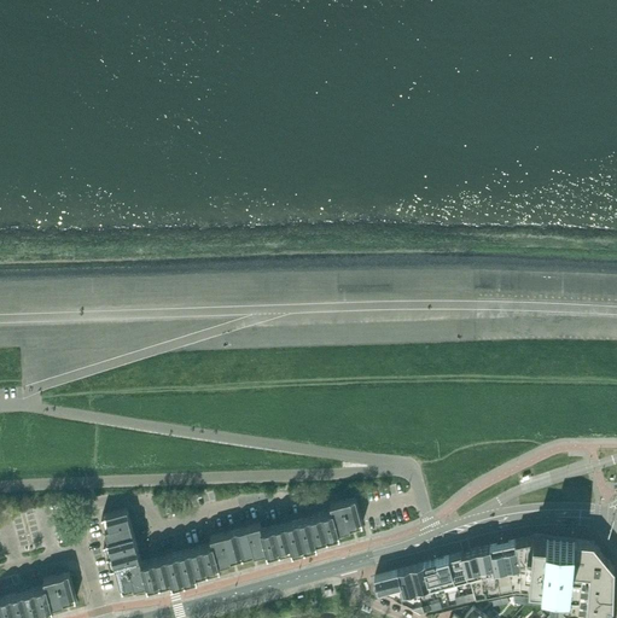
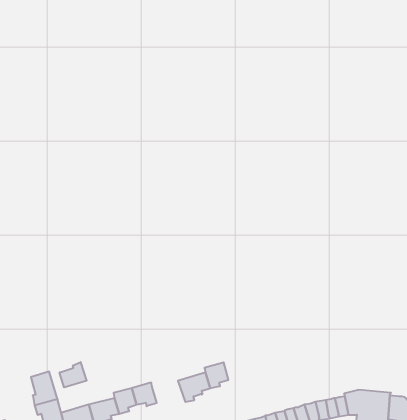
building: none -> [60,362,87,387]
building: [261,525,304,558] -> none

